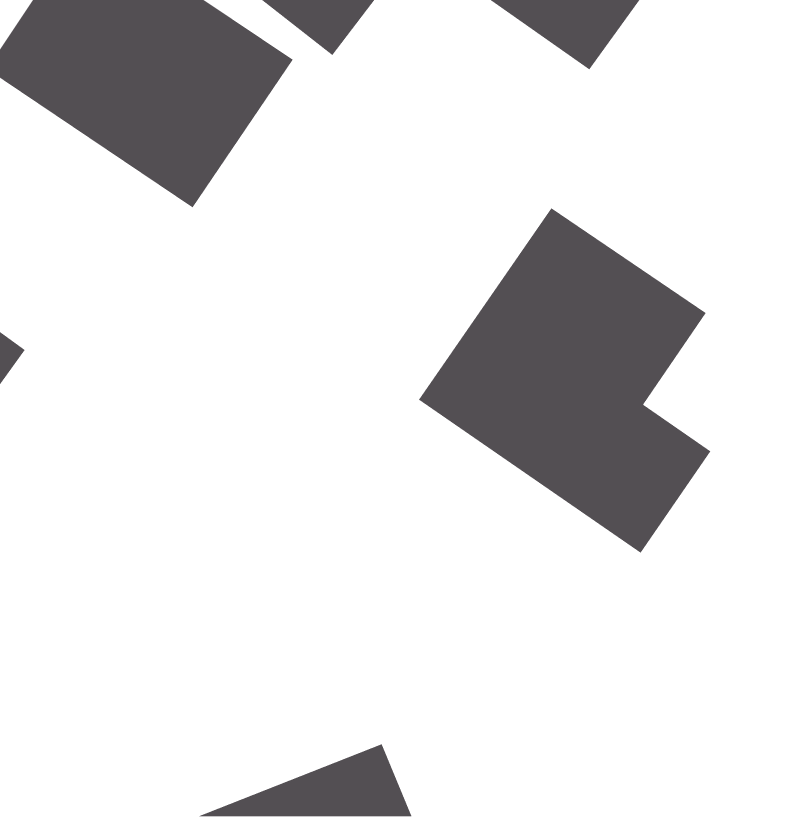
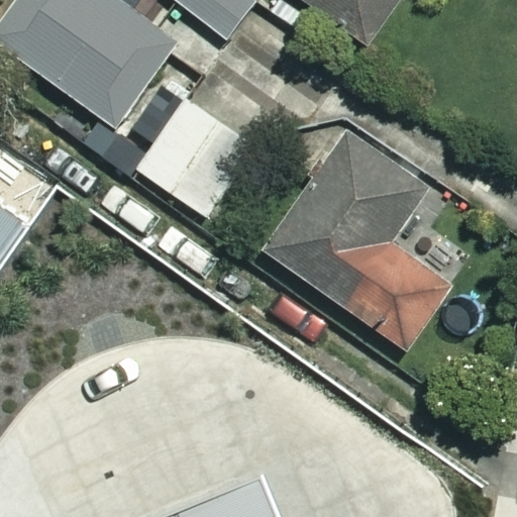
building: none -> [136,72,270,215]

